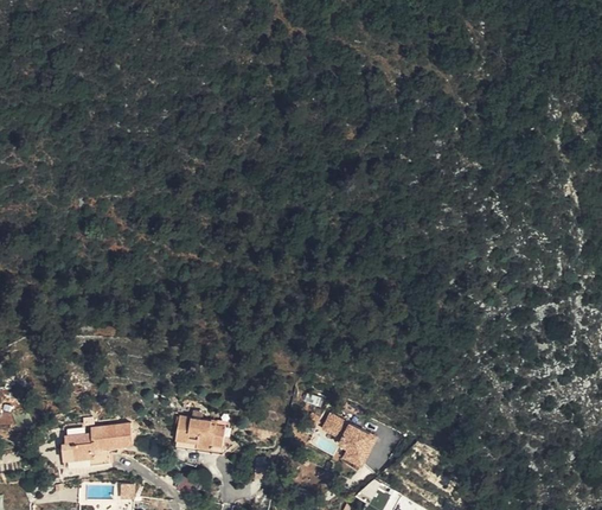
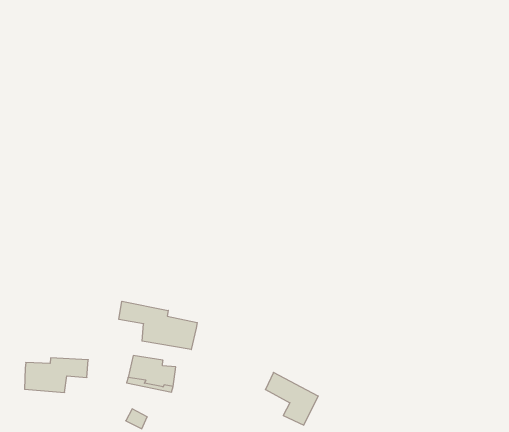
building: none -> [119,301,197,350]

